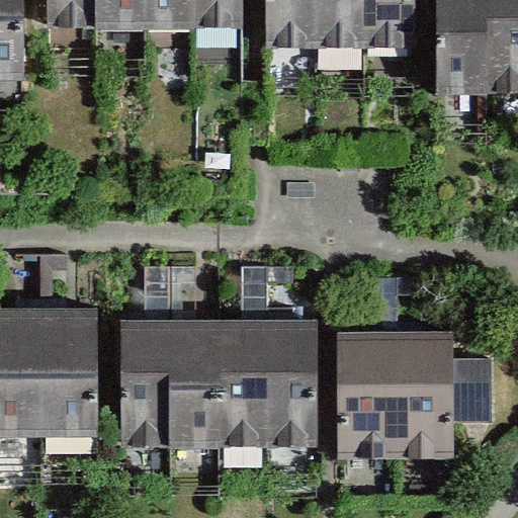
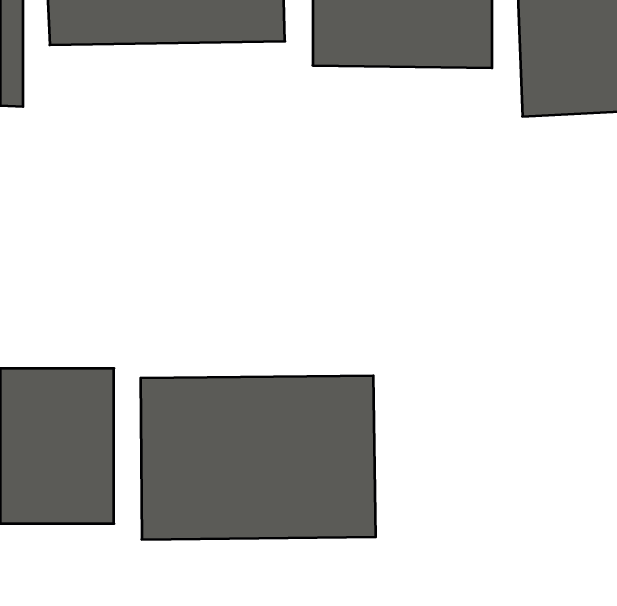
building: [337,327,493,460] -> none

